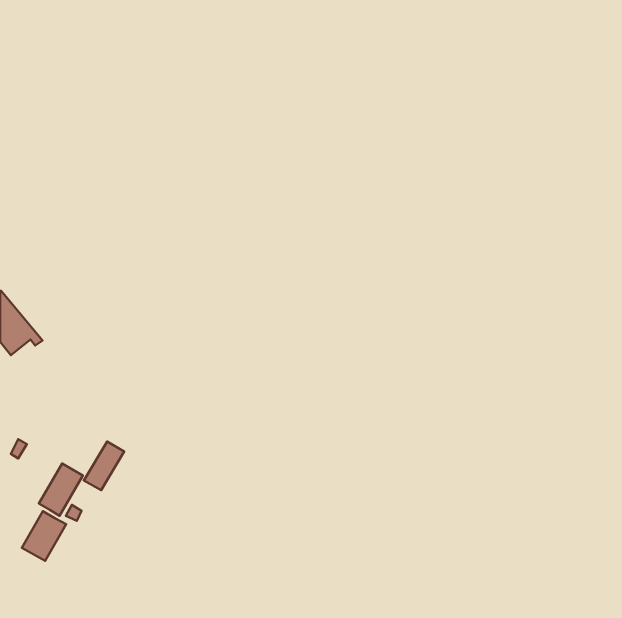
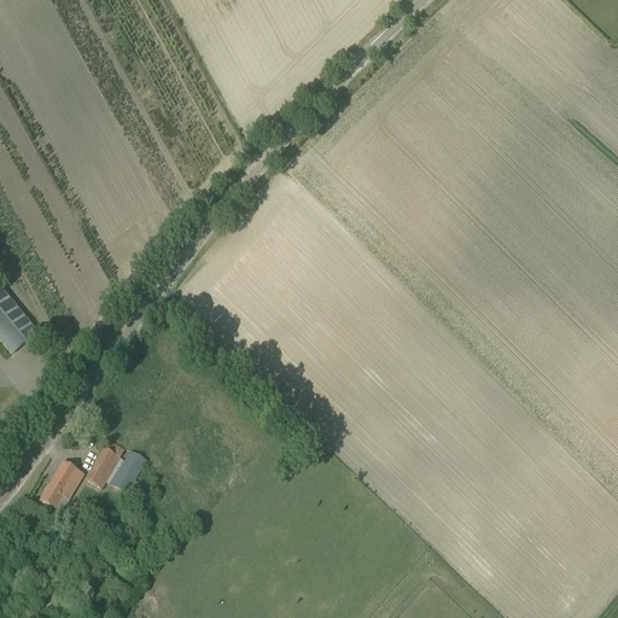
building: none -> [107,448,145,492]
building: [22,511,66,561] -> none

